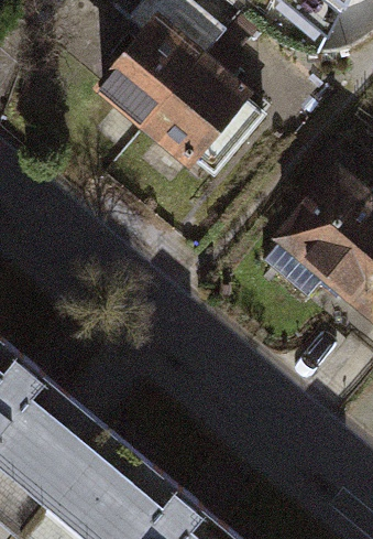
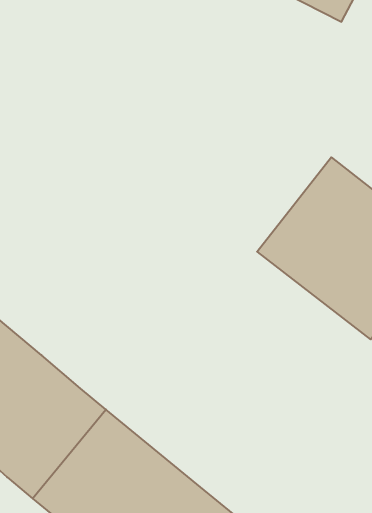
building: [91,10,259,174] -> none

